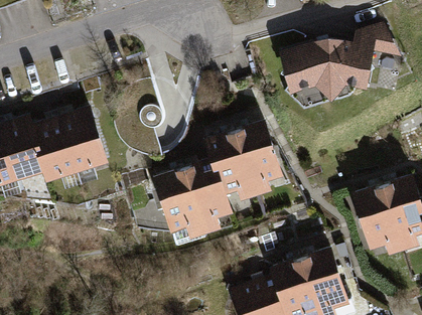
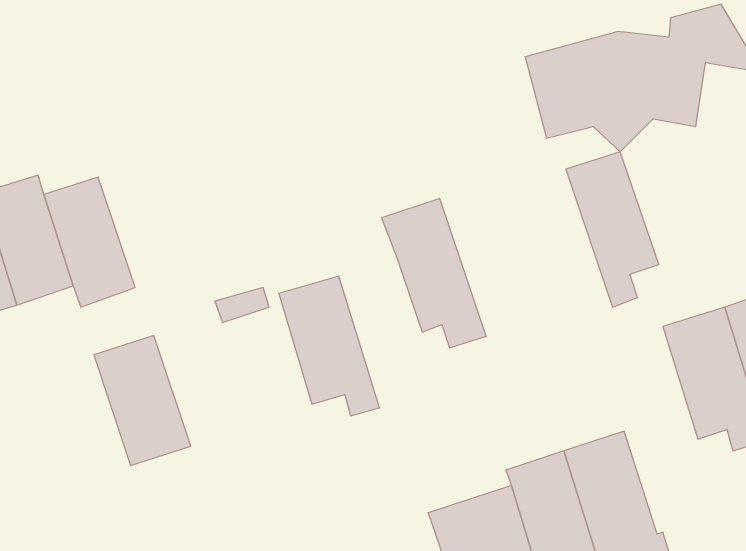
building: [58,104,109,171] -> [94,336,191,466]
building: [236,116,284,196] -> [566,152,659,307]
building: [183,156,232,233] -> none

